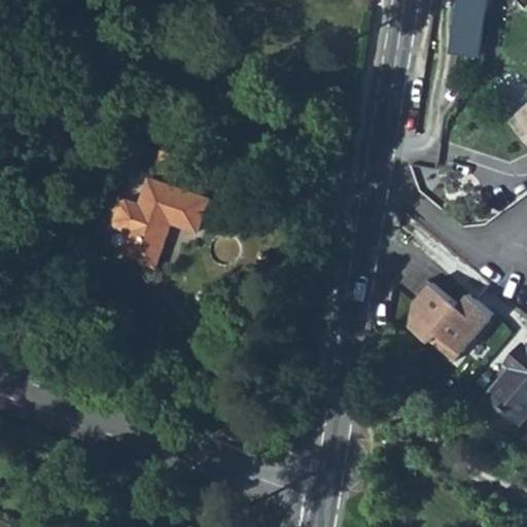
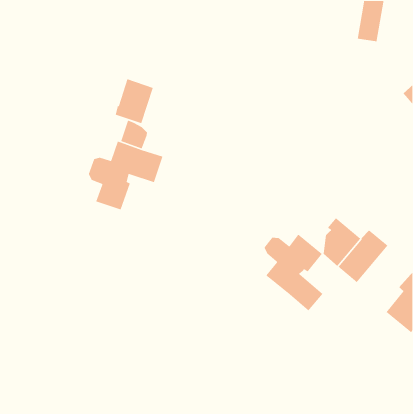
building: none -> [115,78,154,124]
building: none -> [263,233,324,311]

